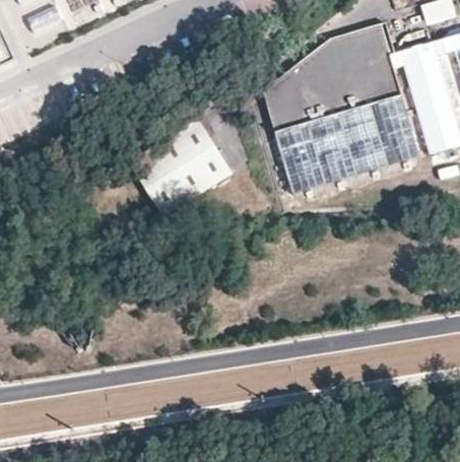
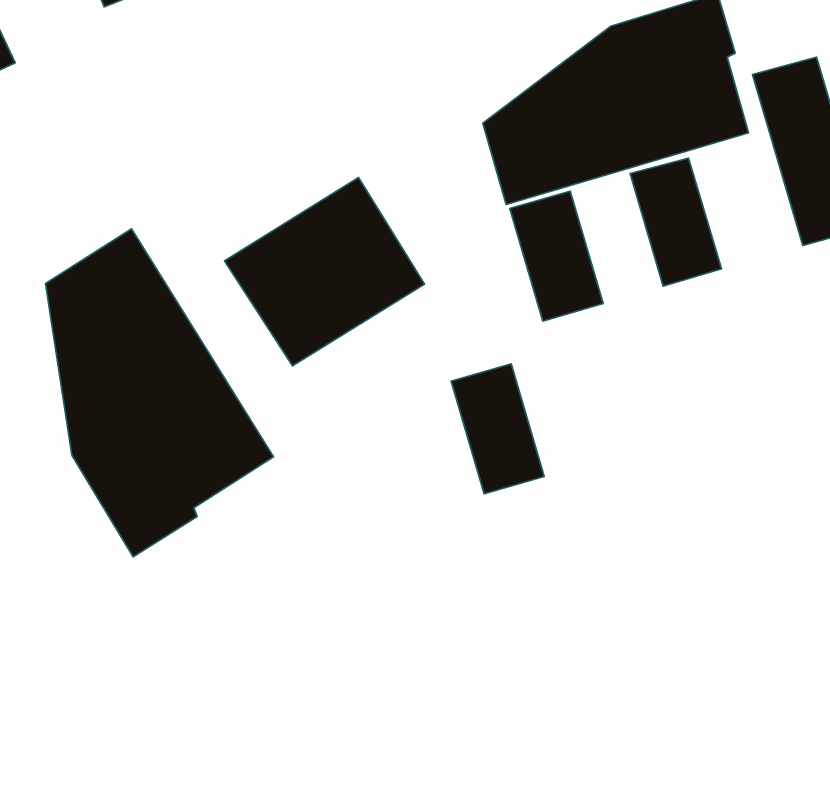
building: [370,96,418,163] -> none
building: [308,114,356,182] -> [451,364,544,494]
building: none -> [45,229,274,557]

